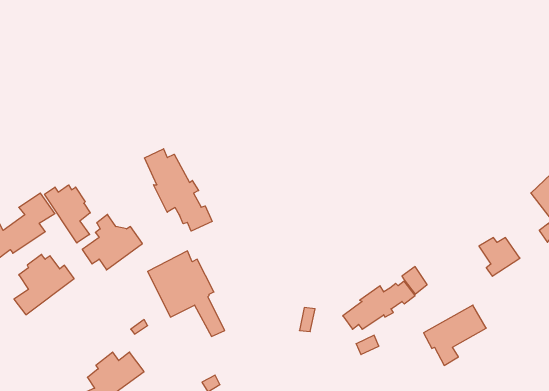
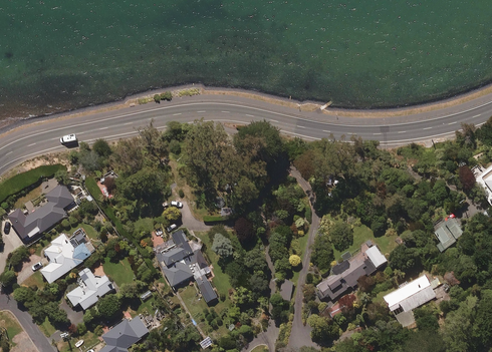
building: [145,149,212,231] -> none
building: [45,185,90,243] -> none
building: [82,214,142,270] -> [66,265,116,311]

